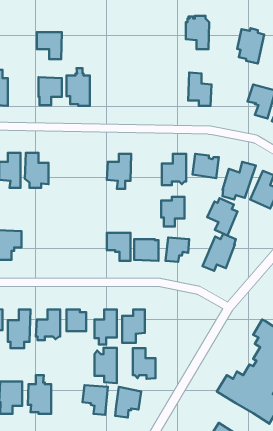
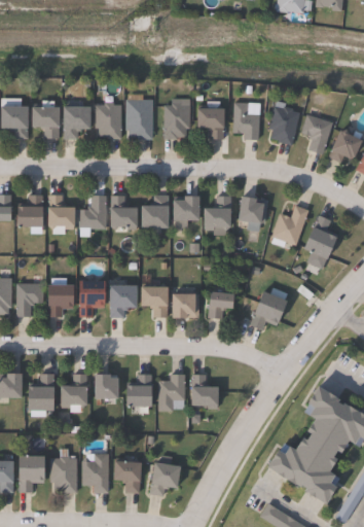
building: [186,16,209,49] -> [197,102,224,140]
building: [237,28,264,63] -> [269,106,300,146]
building: [37,32,62,59] -> [31,108,60,139]
building: none -> [163,99,190,140]
building: none -> [125,100,153,140]
building: none -> [79,195,107,229]
building: none -> [111,195,137,230]
building: [161,197,185,226] -> [173,194,199,227]
building: [207,198,238,236] -> none
building: none -> [47,277,73,316]
building: none -> [79,279,104,315]
building: none -> [110,283,138,317]
building: [94,348,117,383] -> [83,453,109,493]
building: [133,348,156,379] -> [192,374,218,409]

